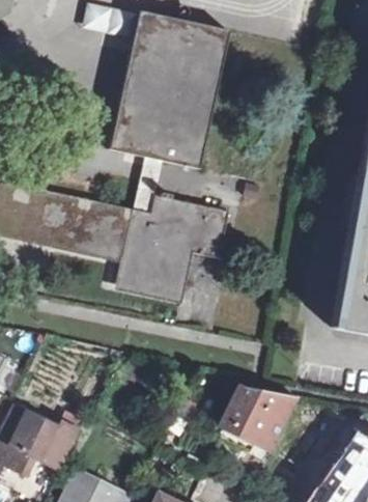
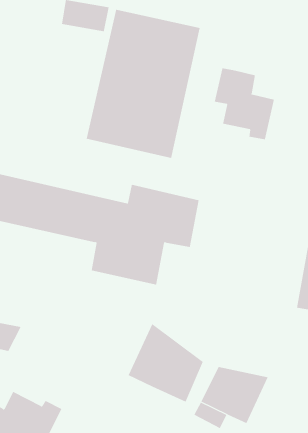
building: none -> [214,68,275,140]
building: none -> [128,323,204,403]

